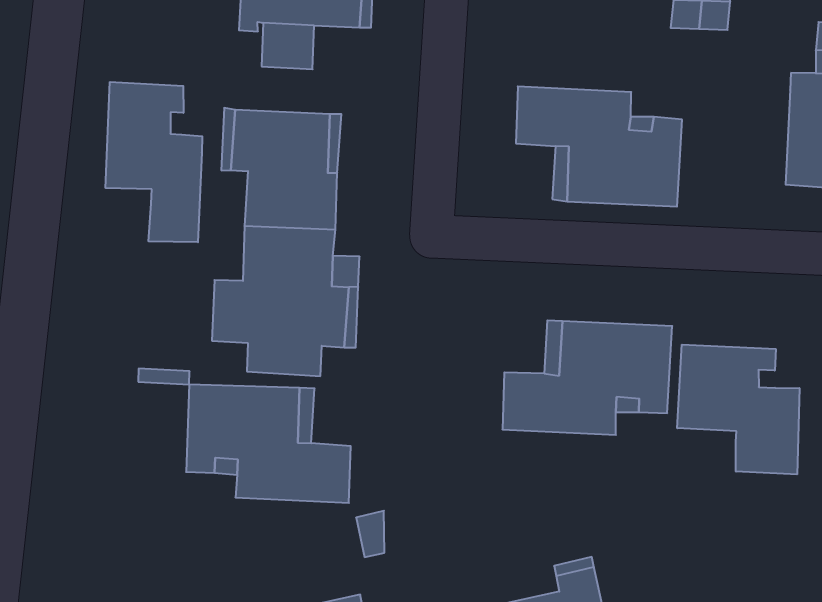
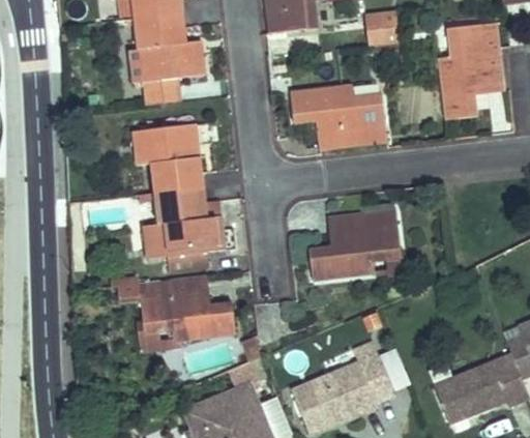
building: [106,82,202,242] -> none
building: [677,345,799,474] -> none

